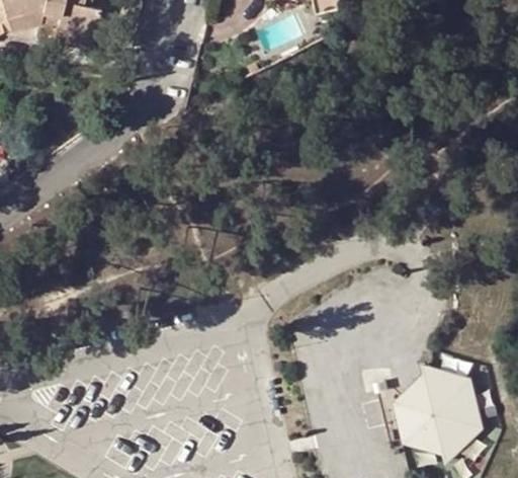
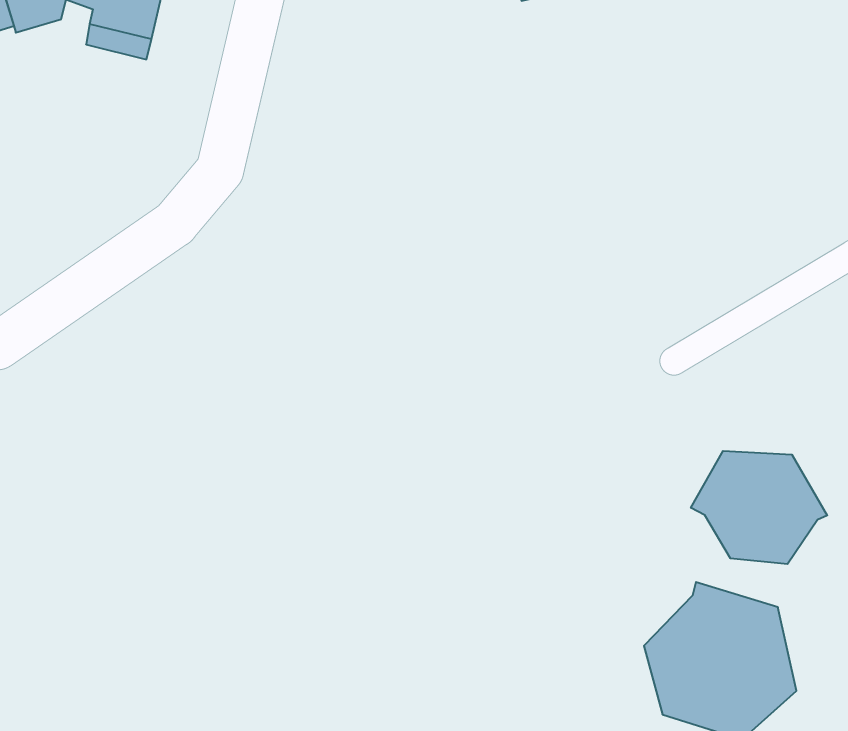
building: none -> [691,451,827,564]

